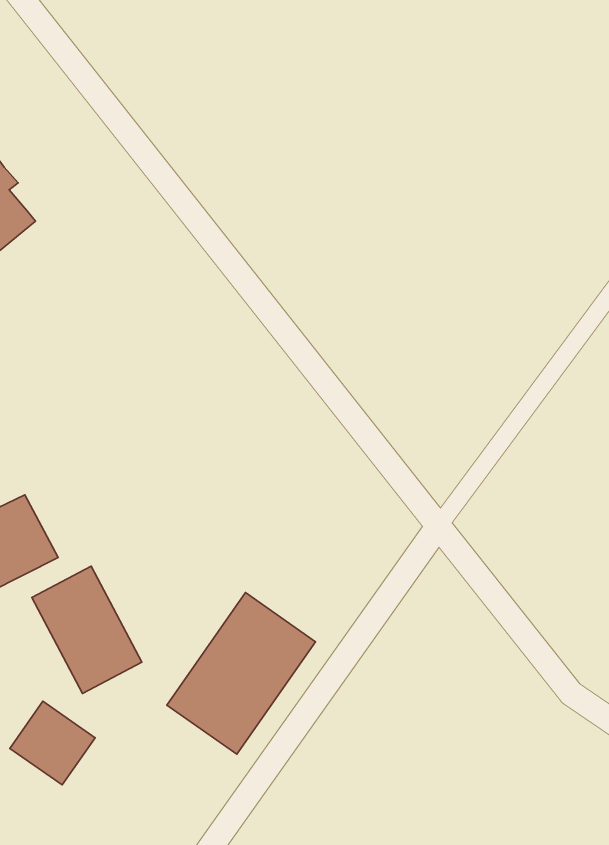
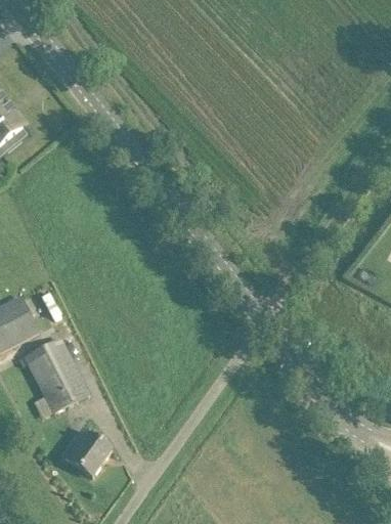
building: [167,593,315,754] -> none
building: [10,701,95,785] -> [60,429,111,478]

